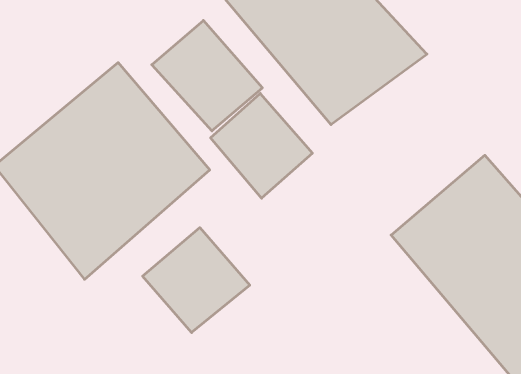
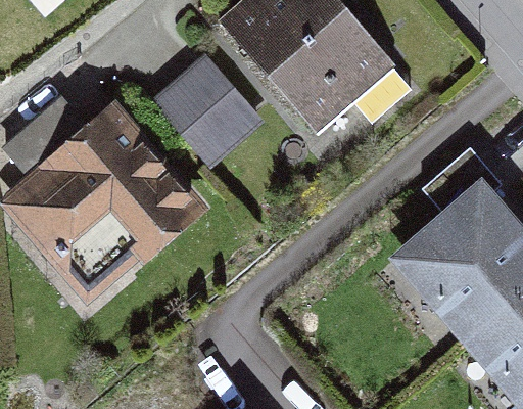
building: [211,93,312,198] -> none
building: [143,228,250,333] -> none

